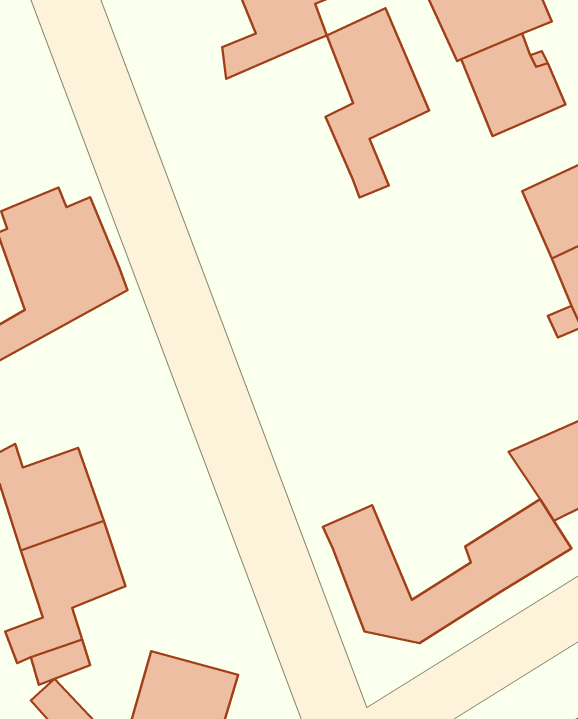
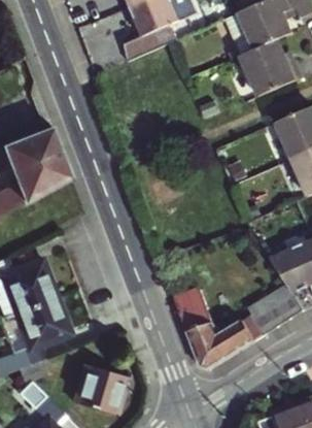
building: [325,8,429,197] -> none

